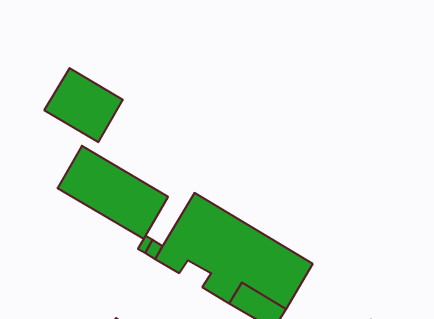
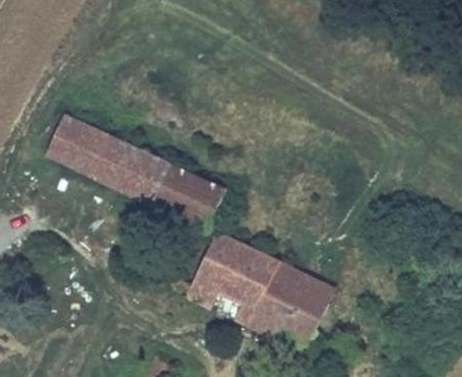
building: none -> [45,113,85,165]
building: [57,146,168,239] -> [120,147,226,231]

